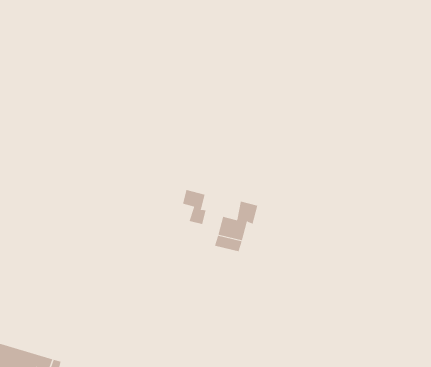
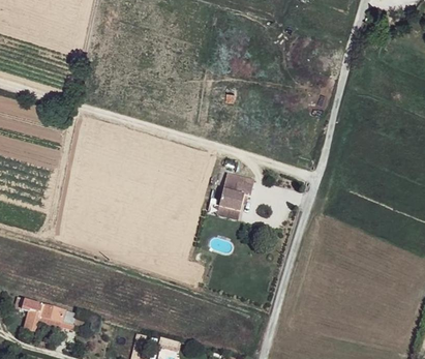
building: [182,189,206,225] -> none

